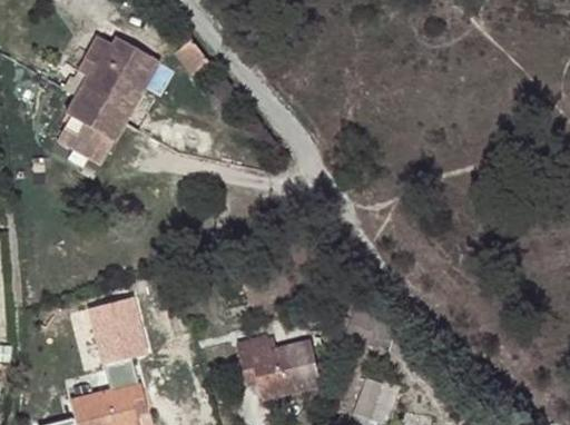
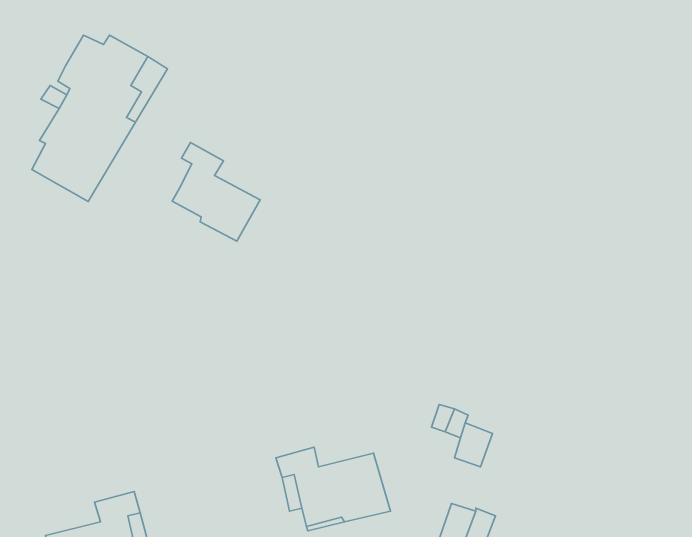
building: none -> [172,143,260,241]
building: [94,297,140,352] -> none

